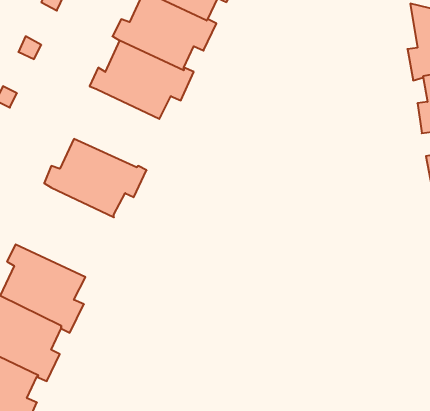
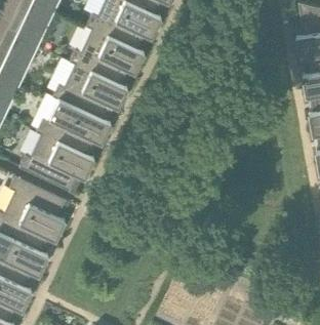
building: none -> [52,67,127,123]
building: none -> [18,137,93,194]

